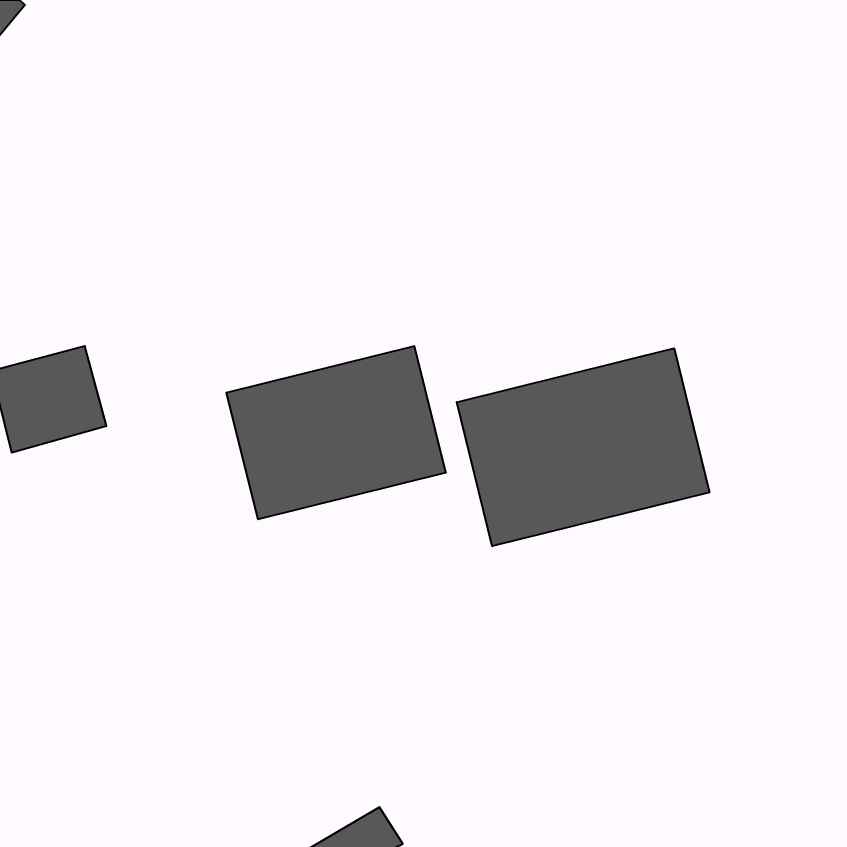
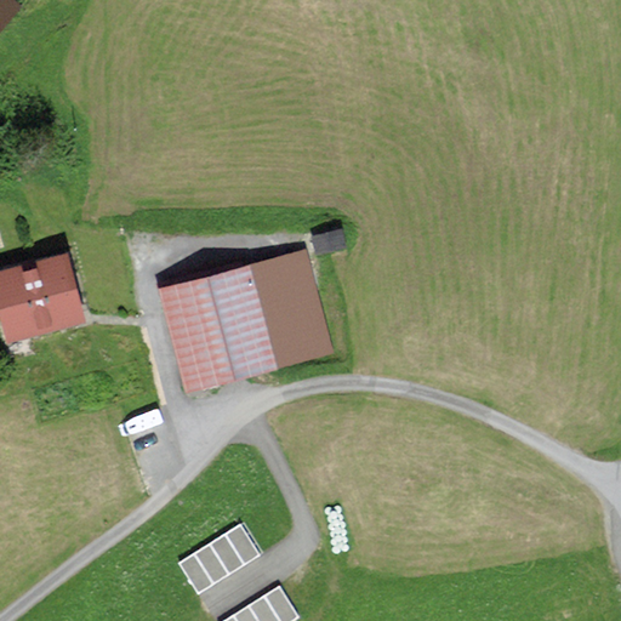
building: [457,348,709,546] -> none
building: none -> [182,529,255,591]

